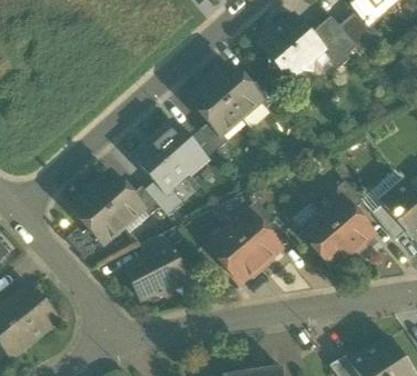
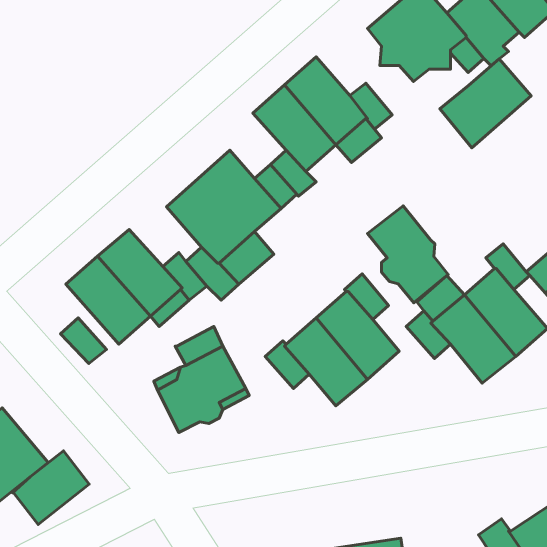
building: none -> [440,59,531,148]
building: none -> [368,206,448,303]
building: none -> [12,451,89,525]

